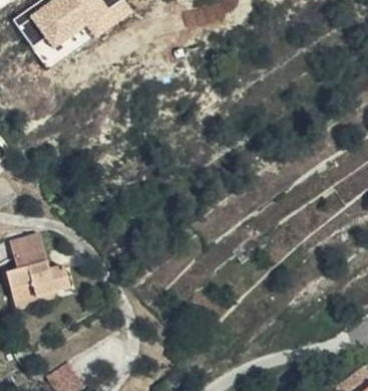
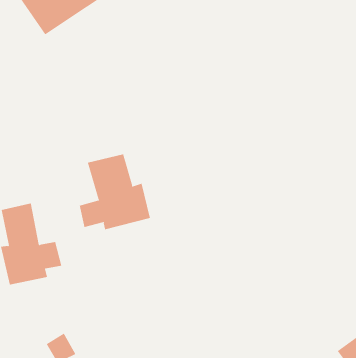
building: none -> [79,154,150,230]

